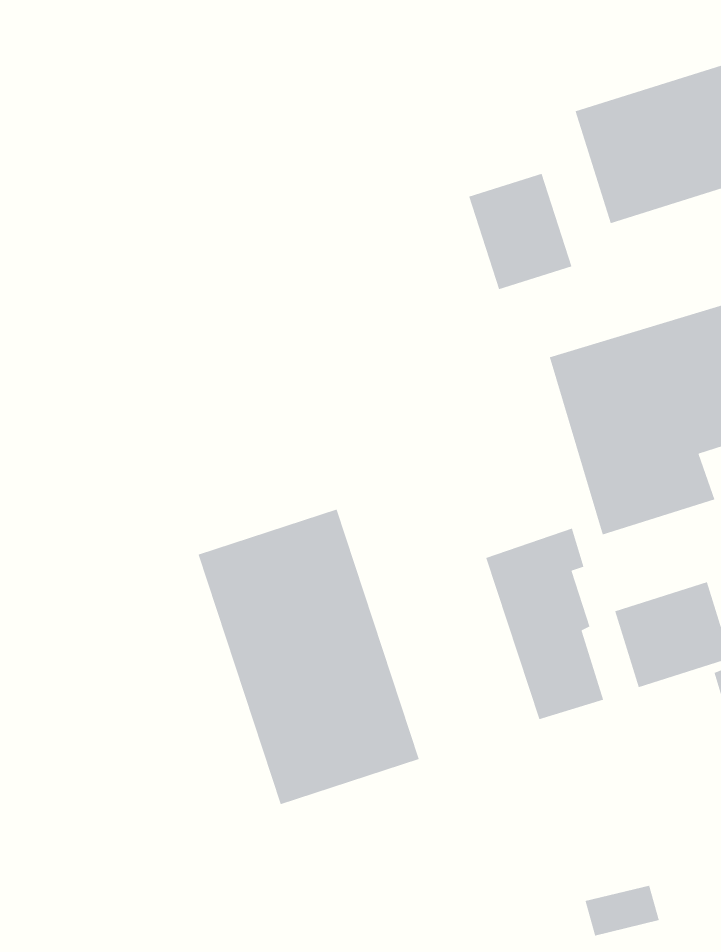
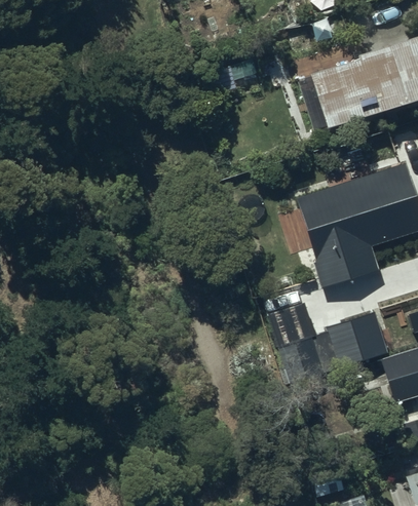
building: [468,173,572,290] -> none
building: [197,508,420,805] -> none

